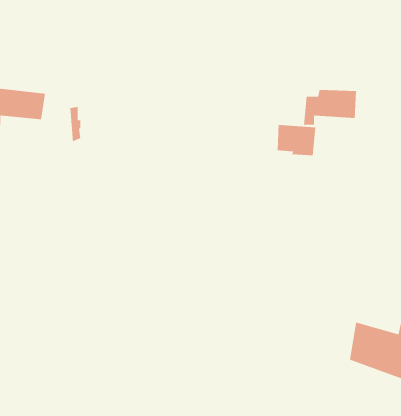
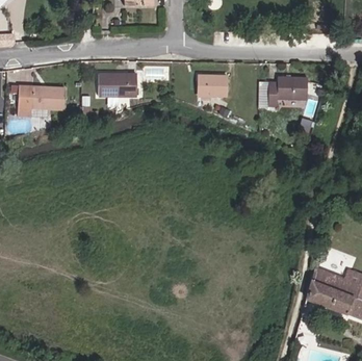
building: none -> [101,75,138,99]
building: [277,124,316,156] -> [202,78,233,103]

